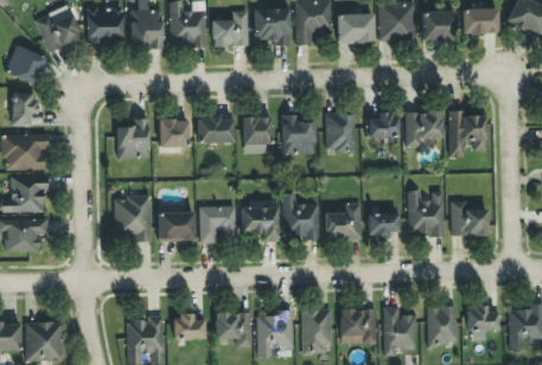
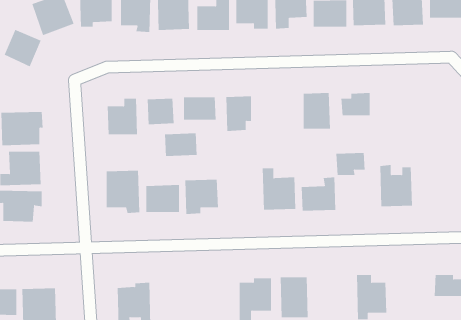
building: [12,92,38,126] -> none
building: [449,110,485,156] -> none
building: [404,111,442,147] -> none
building: [282,114,315,154] -> none
building: none -> [164,132,197,157]
building: [451,200,487,236] -> none
building: [241,206,279,241] -> none
building: [368,212,400,237] -> [336,152,366,176]
building: [427,306,457,345] -> none
building: [339,308,377,344] -> none
building: [215,312,251,347] -> none
building: [173,314,206,339] -> none

